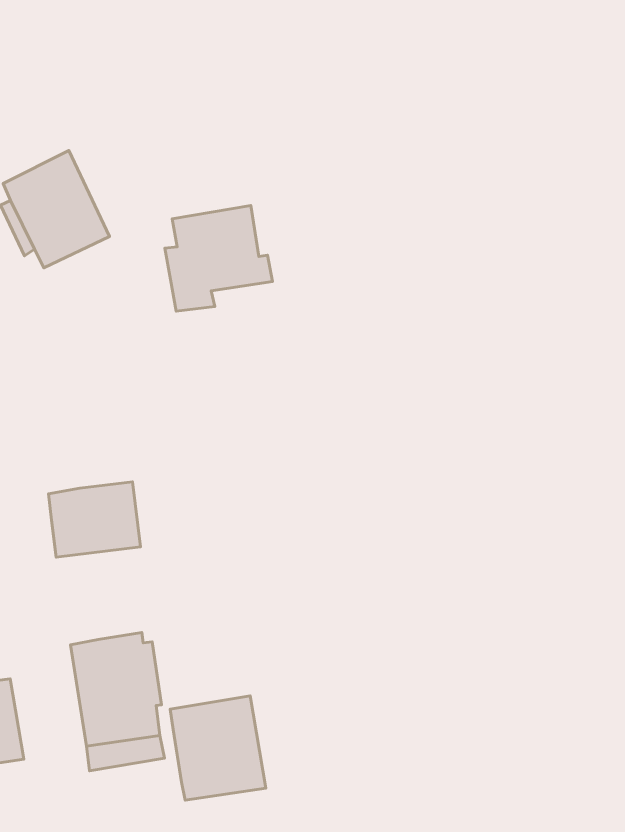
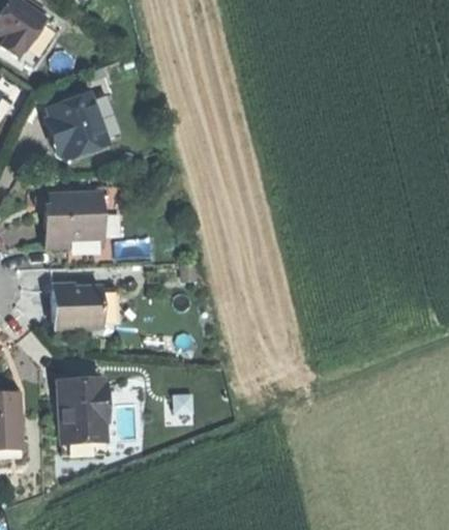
building: [165,206,272,311] -> [46,193,106,248]
building: [170,696,266,800] -> none

